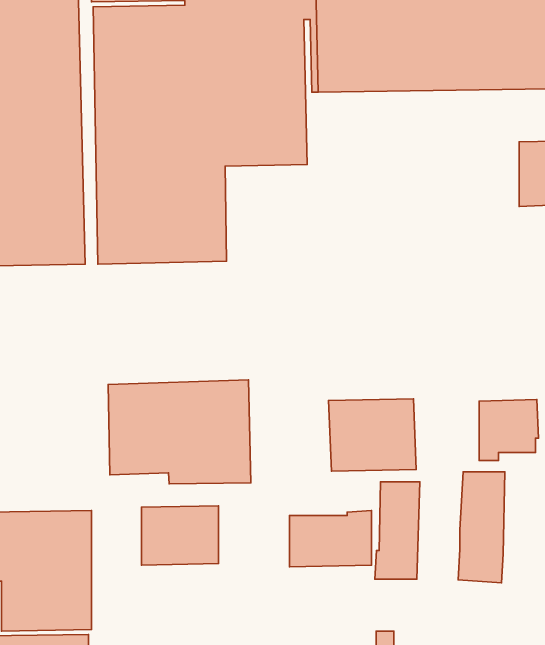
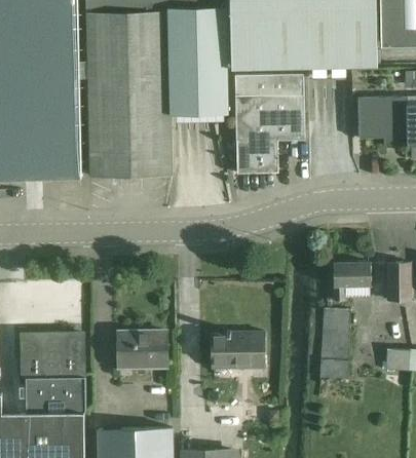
building: none -> [235,74,304,173]
building: [108,380,251,484] -> none
building: [329,399,416,471] -> none
building: [375,482,420,579] -> none

